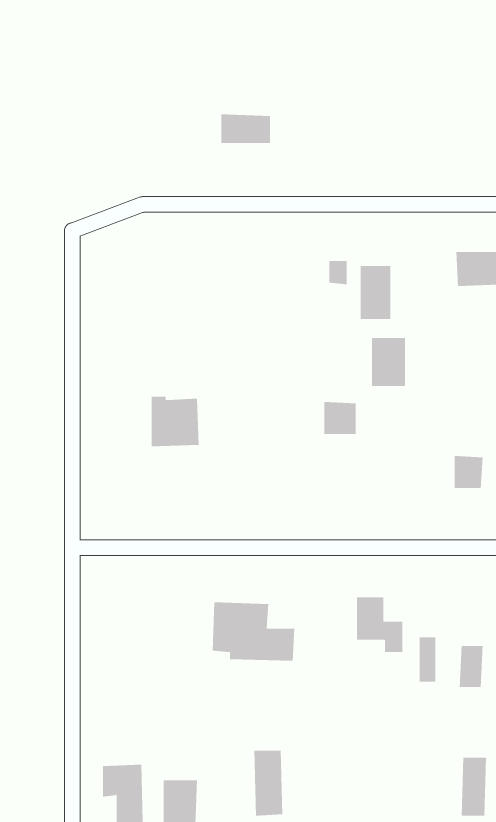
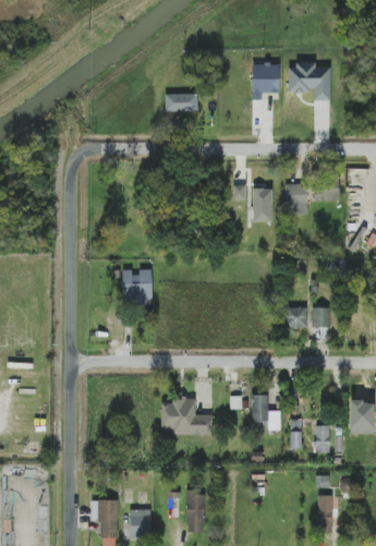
building: none -> [288,62,330,100]
building: none -> [252,63,279,99]
building: [371,338,406,386] -> [286,183,307,214]
building: [323,401,356,435] -> [286,306,306,327]

